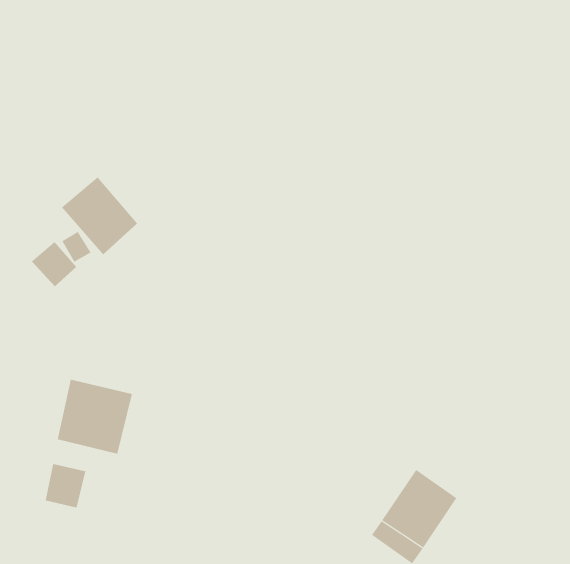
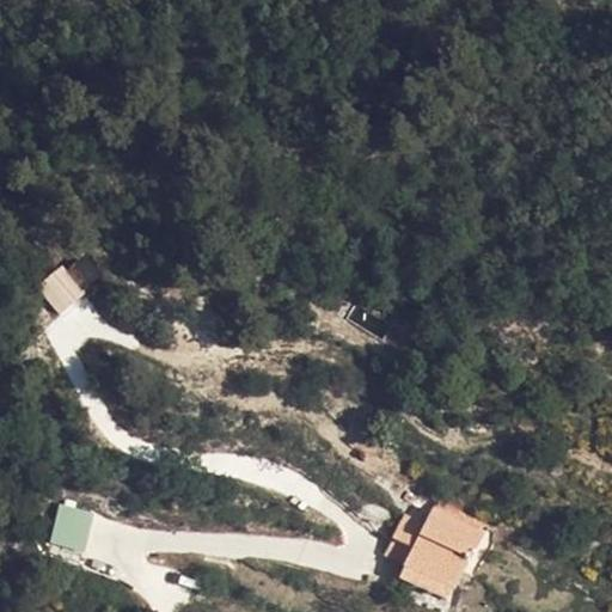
building: [61,176,138,255] -> none
building: [57,379,132,454] -> none

